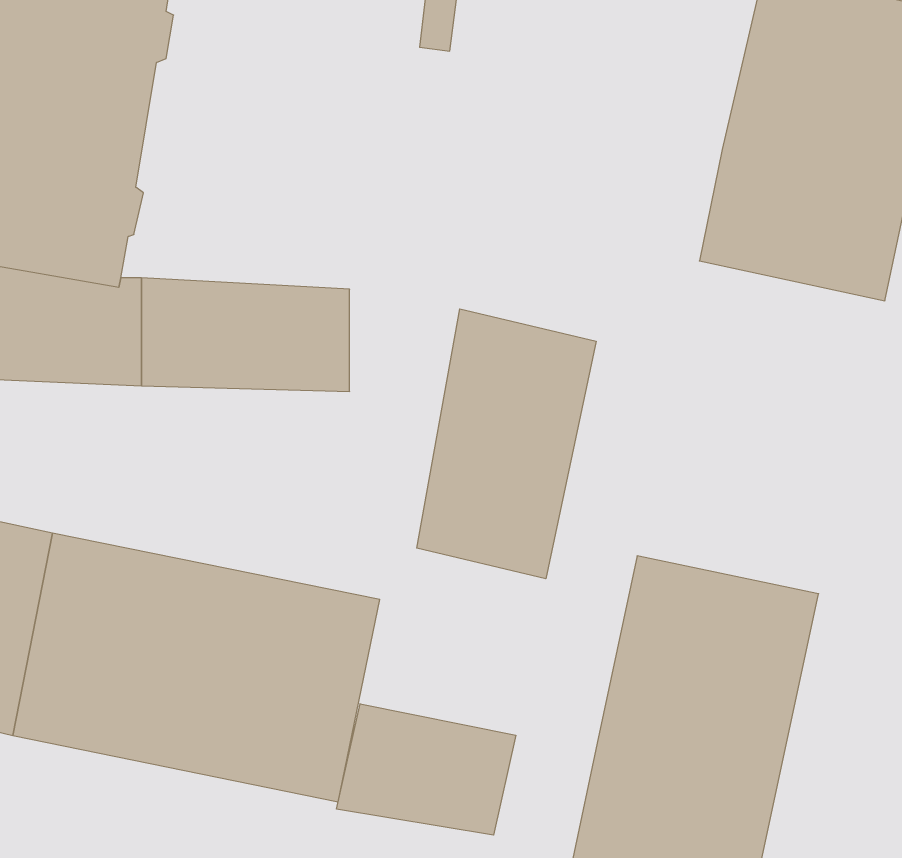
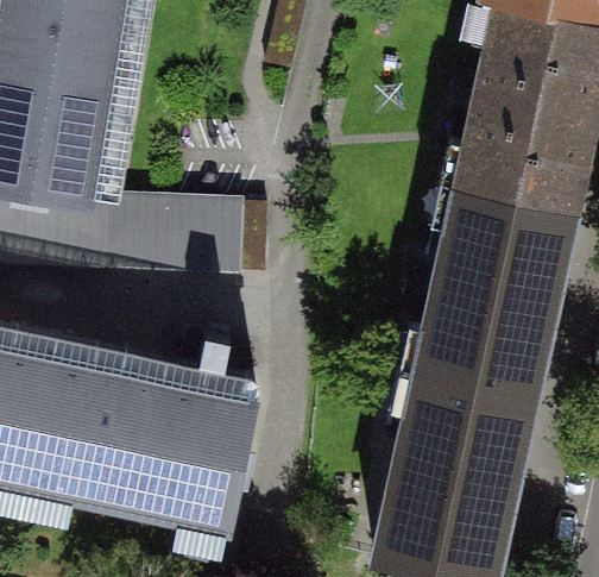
building: none -> [420,186,575,395]
building: [417,309,596,579] -> none
building: [337,704,516,835] -> none

